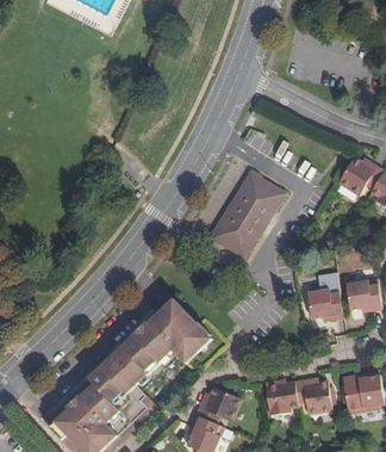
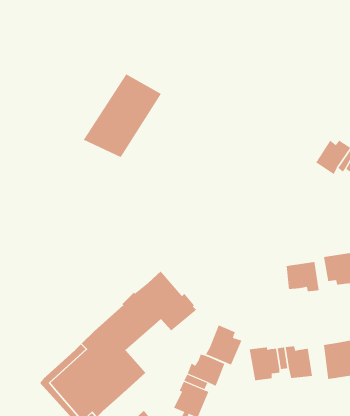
building: [203,172,286,261] -> [83,73,162,158]
building: none -> [205,325,242,366]

